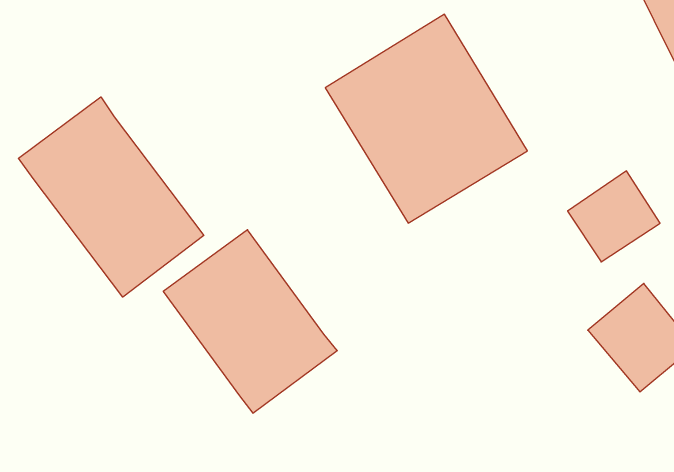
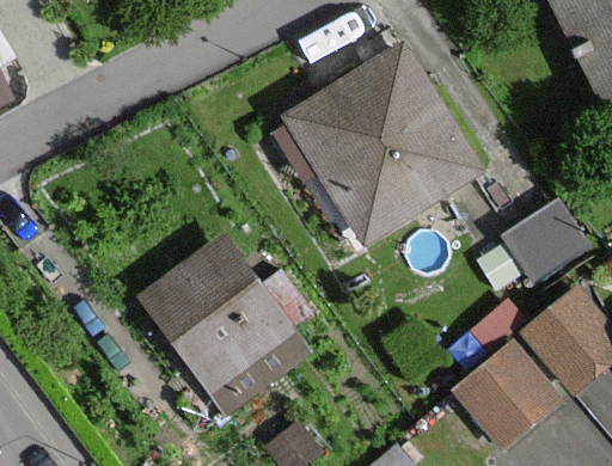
building: [18,97,204,297] -> none
building: none -> [459,348,556,444]

